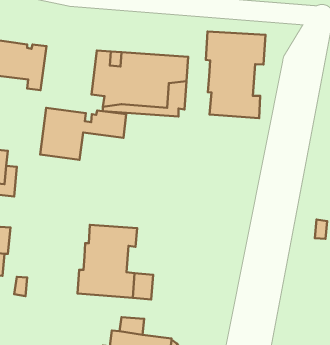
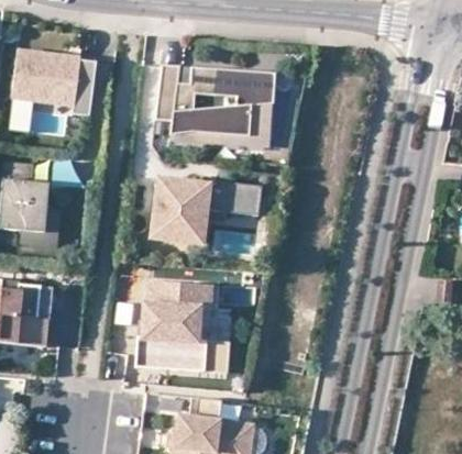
building: [206,31,266,118] -> none
building: [40,108,126,160] -> [152,180,260,245]

